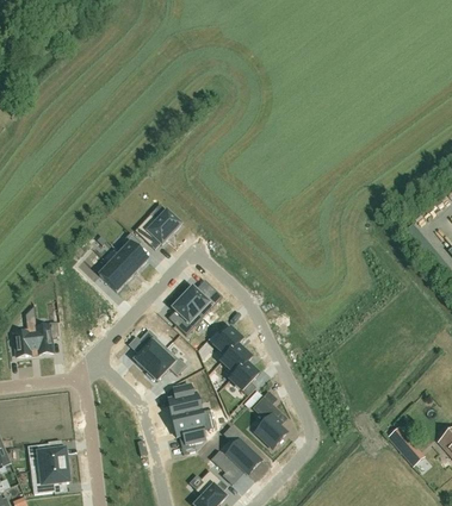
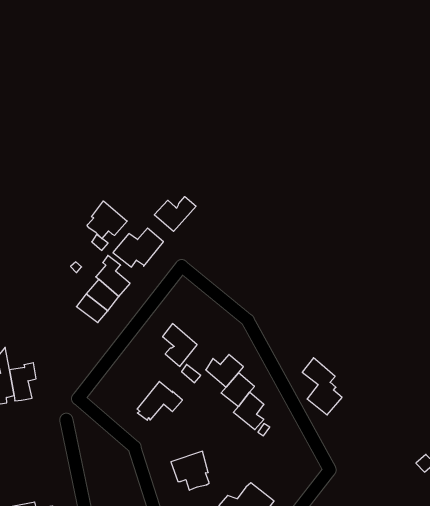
building: none -> [87,201,127,239]
building: none -> [154,197,196,231]
building: [182,285,222,317] -> none
building: [135,329,167,369] -> none
building: [168,385,200,418] -> none
building: [253,396,286,448] -> [302,358,342,415]

